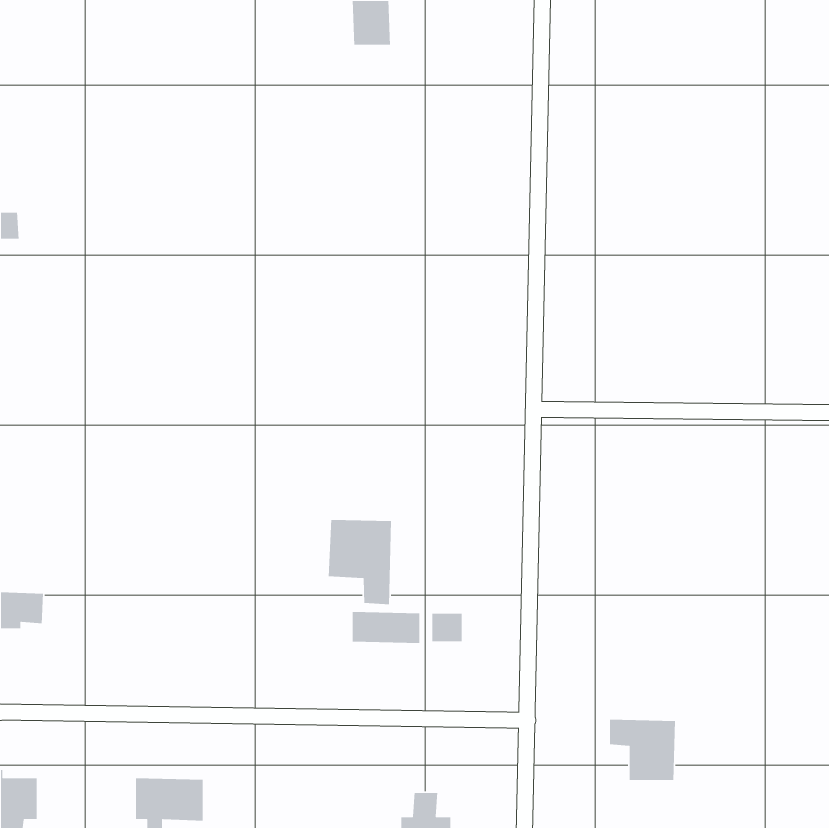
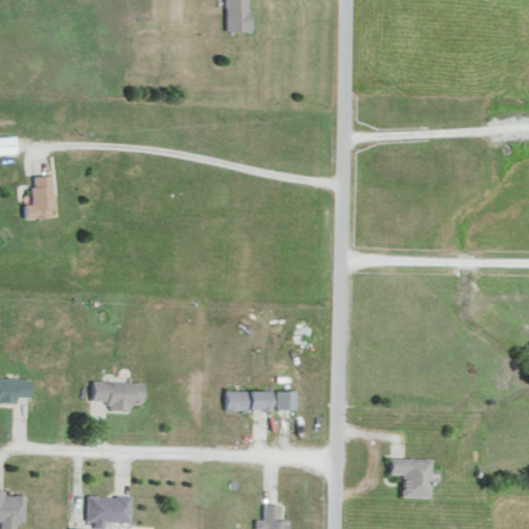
building: none -> [24,176,53,220]
building: [328,519,392,605] -> none
building: none -> [92,382,143,410]

